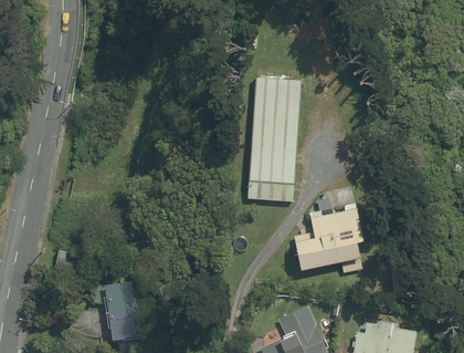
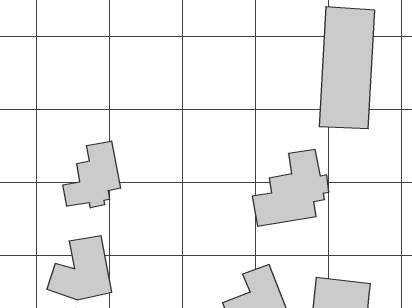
building: [243,75,300,201] -> [319,7,375,129]
building: none -> [63,141,120,208]

